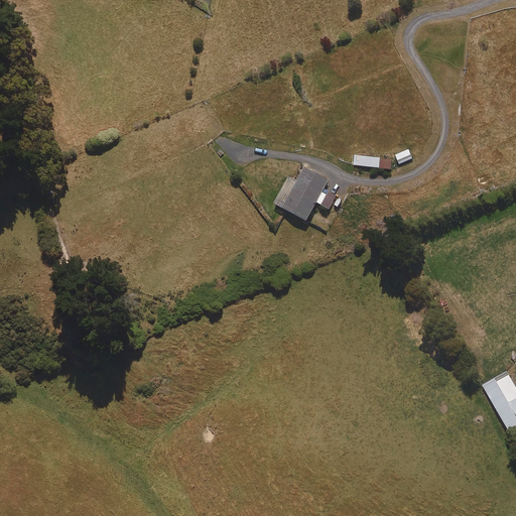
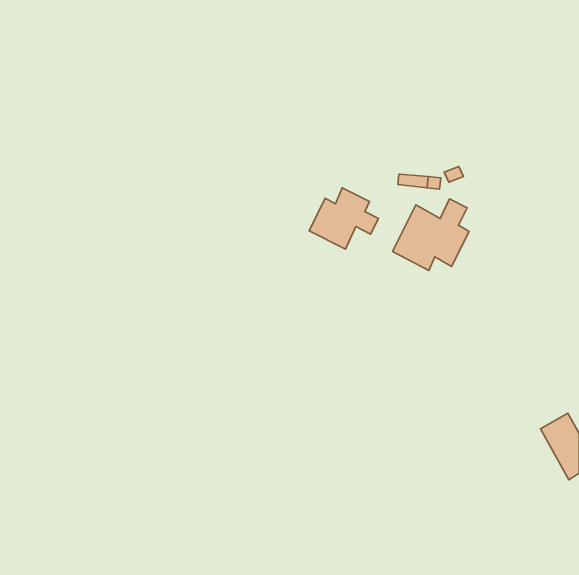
building: none -> [392,199,469,271]

